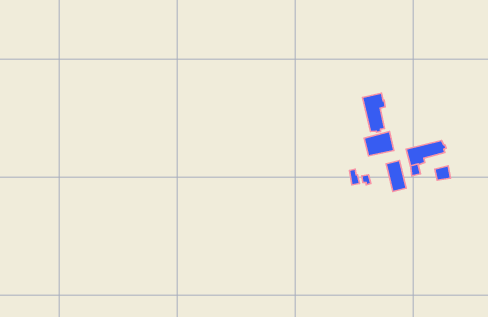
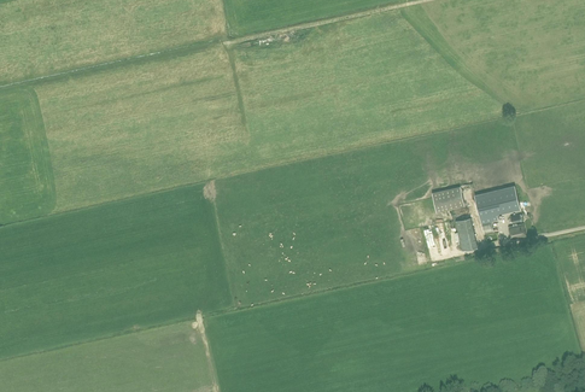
building: [362,93,385,132] -> none

